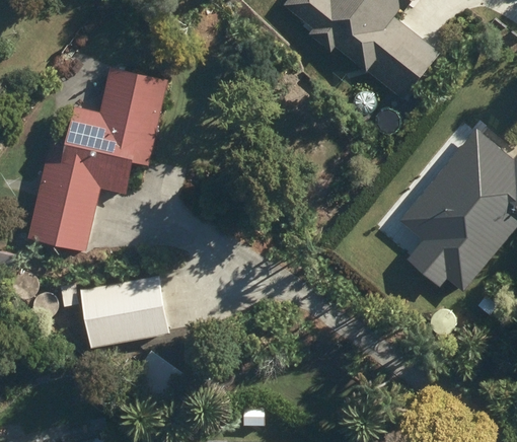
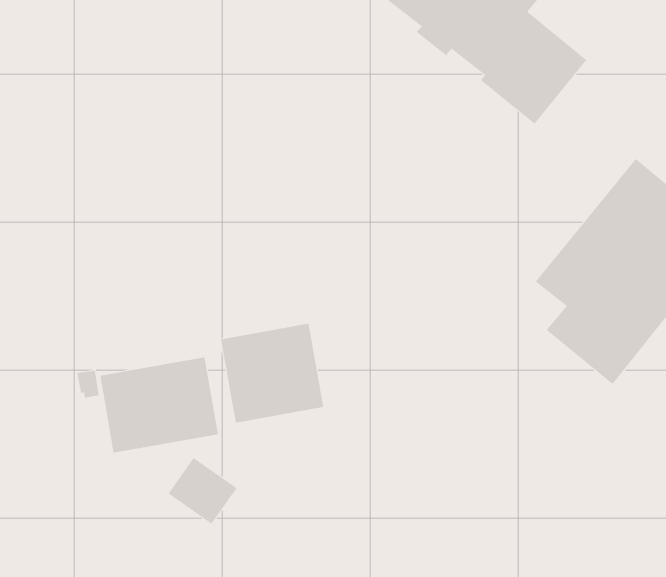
building: [25,66,164,253] -> none
building: none -> [220,323,324,424]

